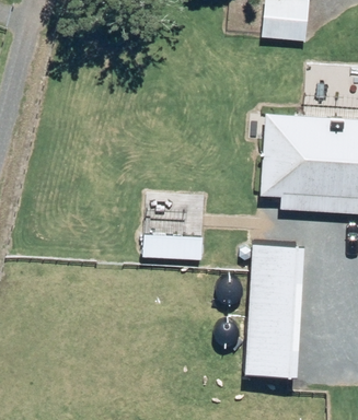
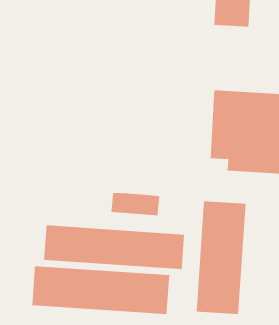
building: none -> [43,225,185,270]
building: none -> [32,265,170,315]

